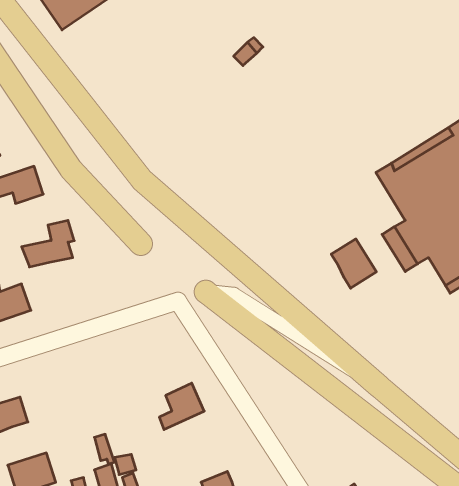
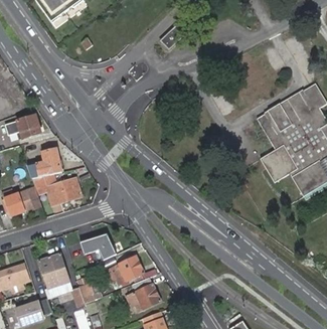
building: [331,239,376,288] -> none
building: none -> [30,176,79,205]
building: none -> [80,233,116,260]
building: none -> [38,254,68,289]
building: none -> [133,277,160,312]

